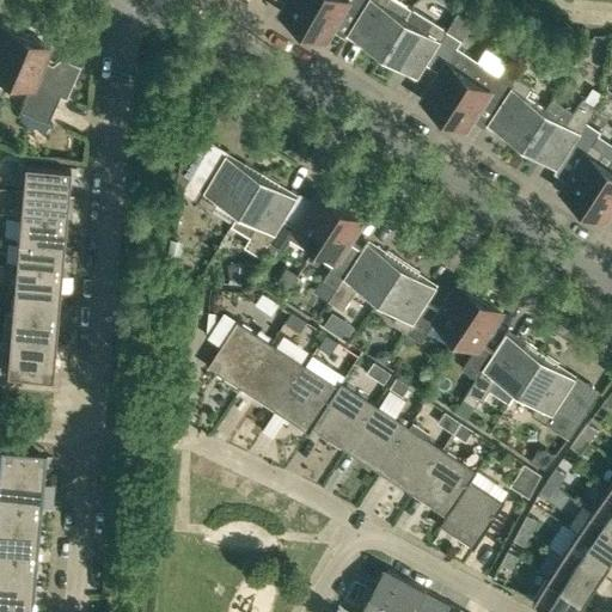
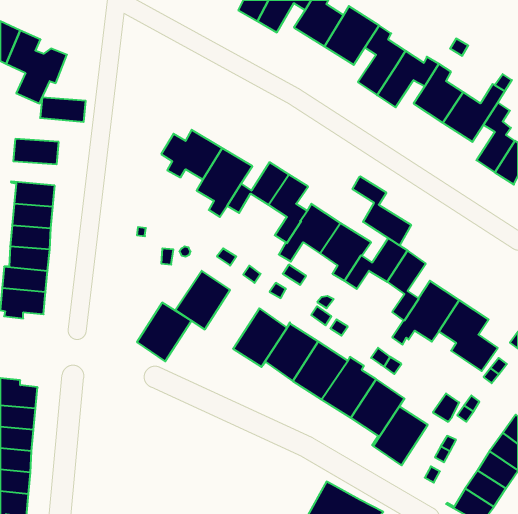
building: [13,195,67,224] -> [40,98,86,122]
building: none -> [353,176,411,245]
building: [241,347,306,416] -> [137,303,192,361]

